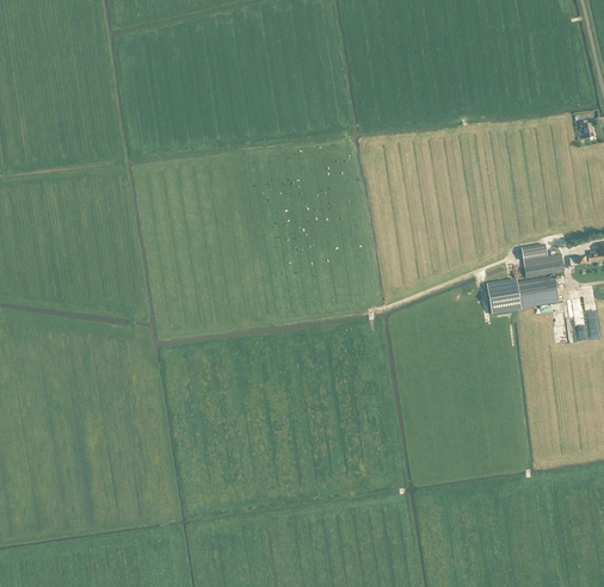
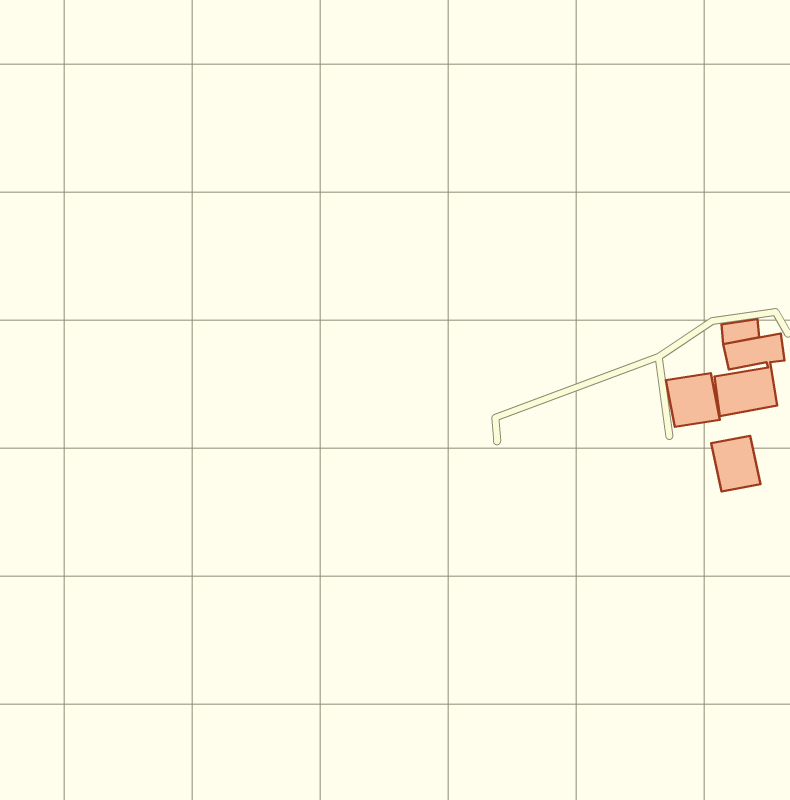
building: none -> [711,436,761,492]

